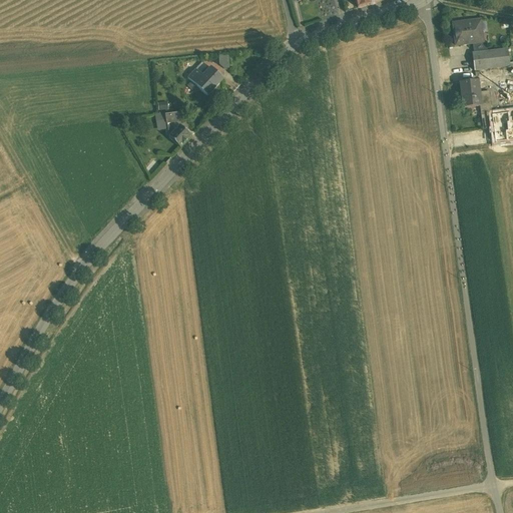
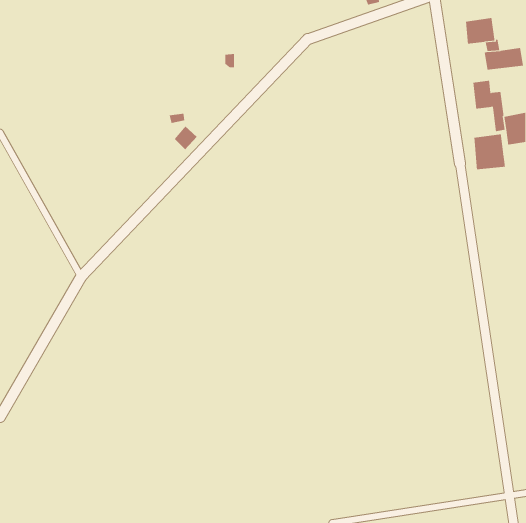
building: [187,66,223,94] -> none
building: none -> [474,133,505,170]

